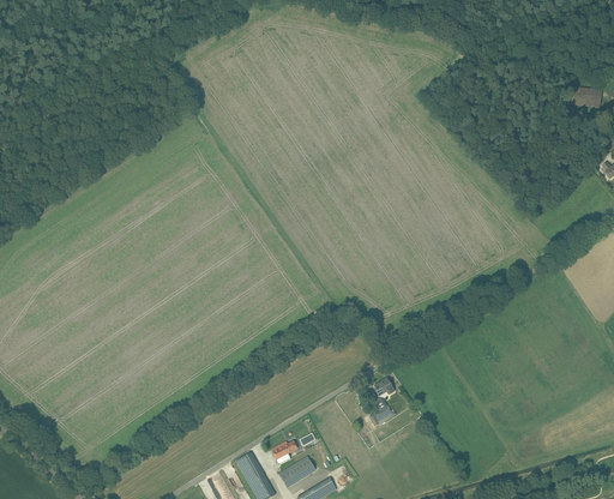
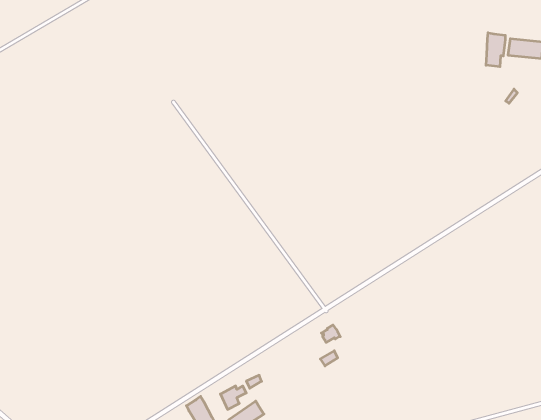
building: none -> [486,33,505,67]

